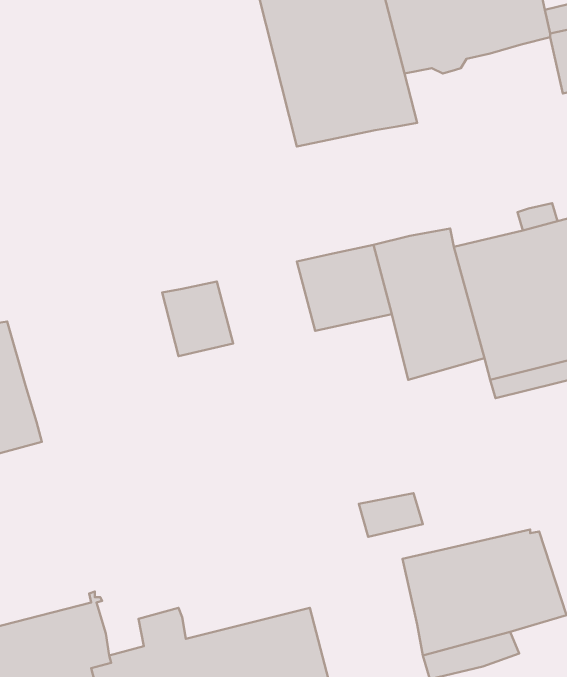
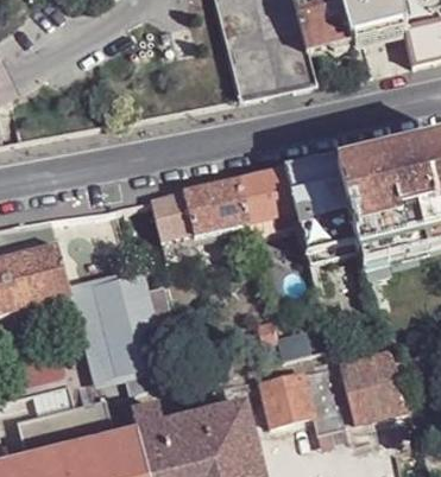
building: none -> [184,177,248,234]
building: none -> [67,263,168,387]
building: none -> [260,370,315,424]

